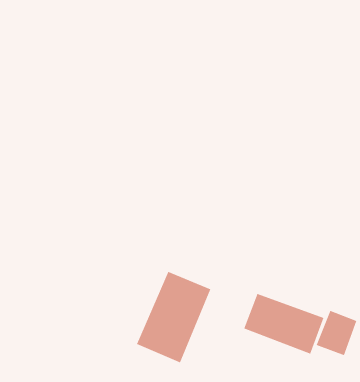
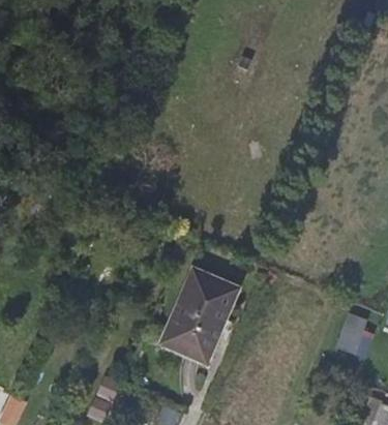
building: [243,293,324,355] -> none

